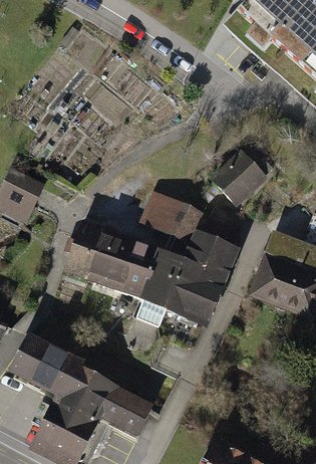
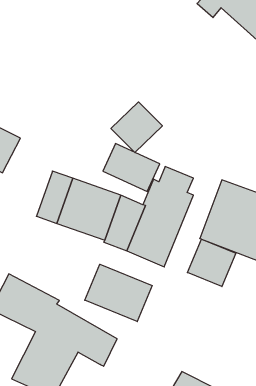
building: [210,149,268,206] -> [111,102,162,153]
building: none -> [187,239,236,287]
building: none -> [85,264,152,322]

